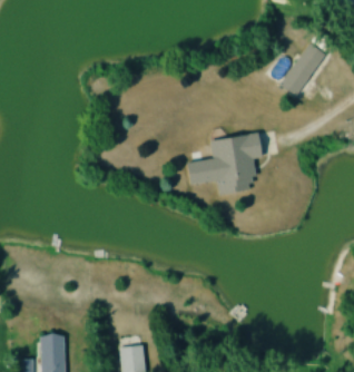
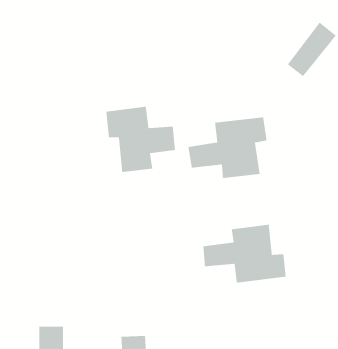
building: none -> [105,106,176,173]
building: none -> [202,224,287,283]

